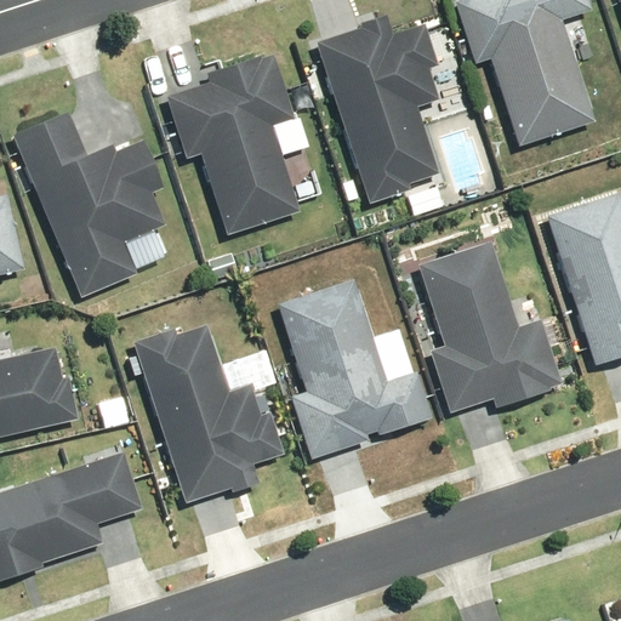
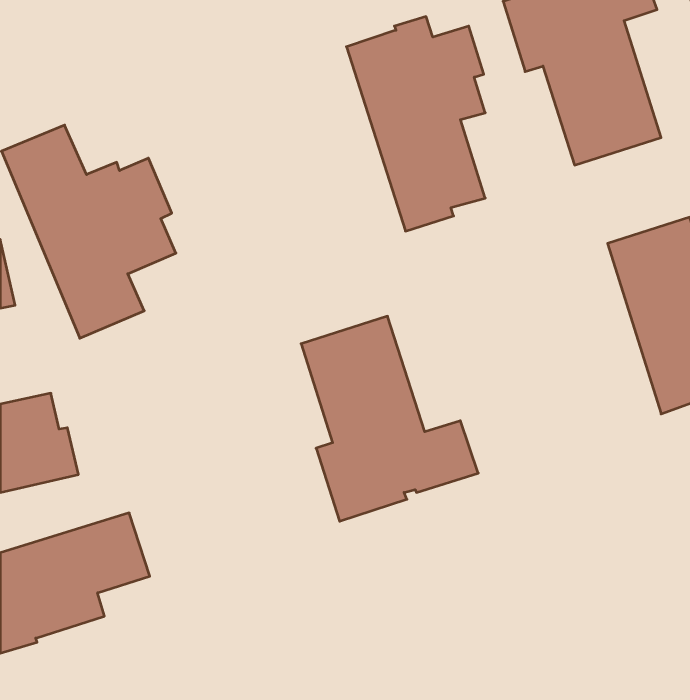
building: [166,53,300,235] -> none
building: [417,241,562,414] -> none
building: [132,324,284,503] -> none

